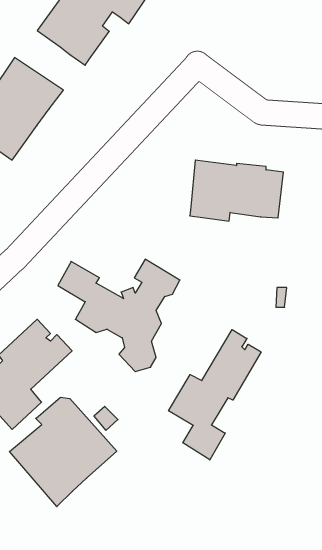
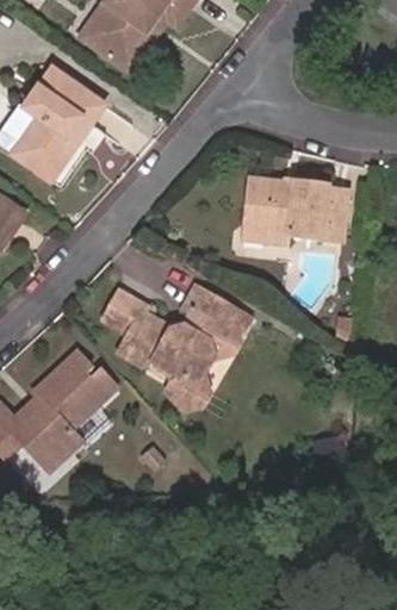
building: [169,330,261,460] -> none
building: [9,397,117,507] -> none

